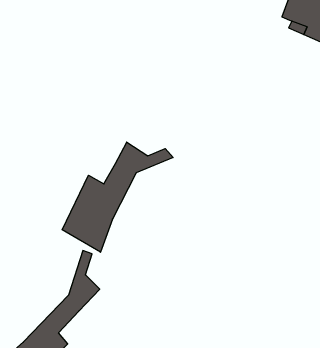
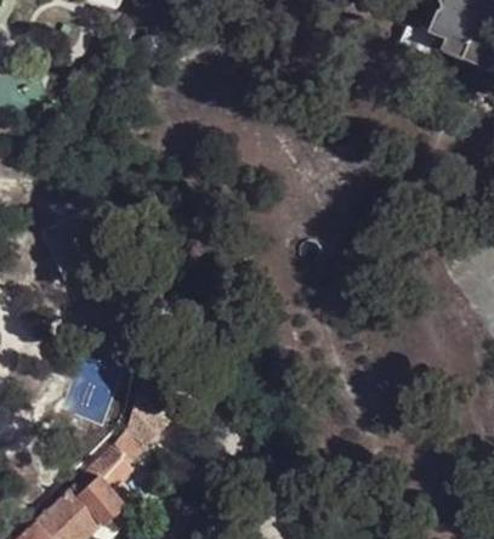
building: [62,142,173,252] -> none

